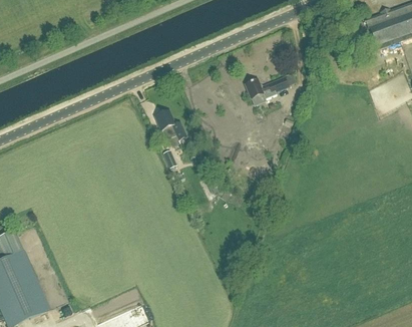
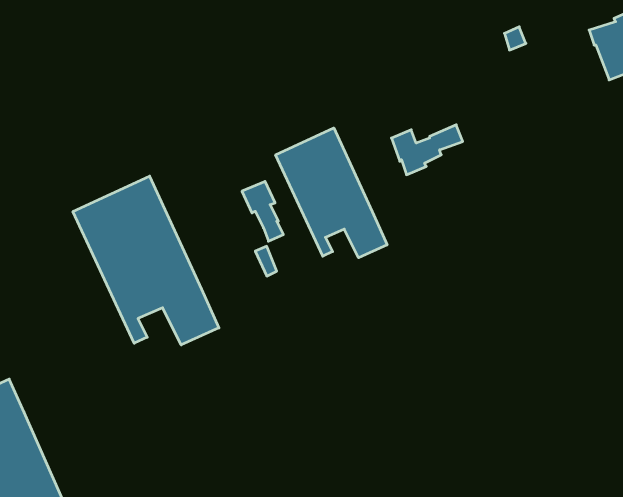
building: none -> [276,128,387,258]
building: none -> [73,176,219,345]

